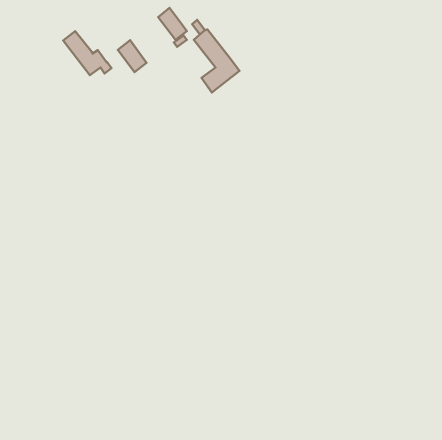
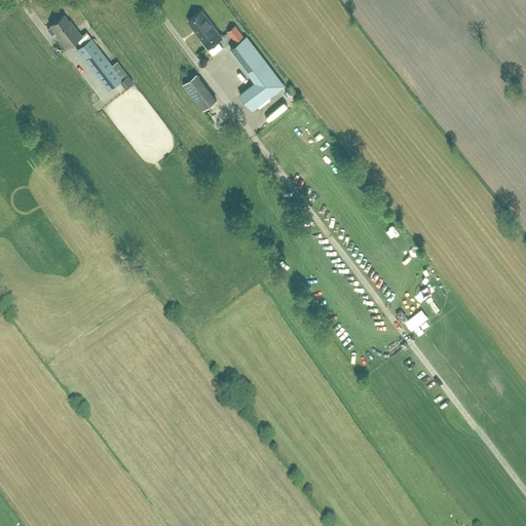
building: none -> [46,15,80,48]
building: [118,40,146,72] -> [183,74,217,112]

